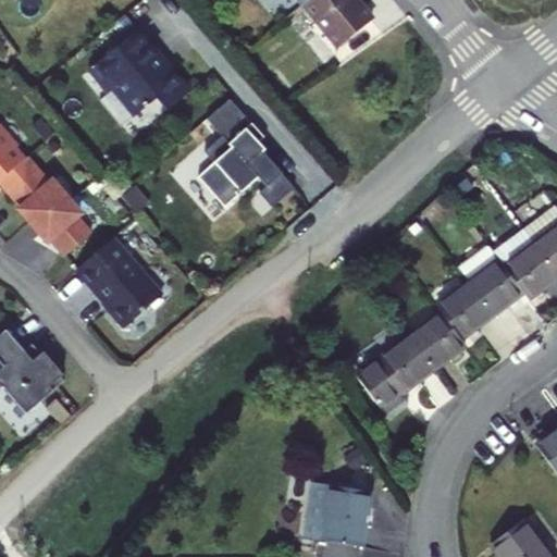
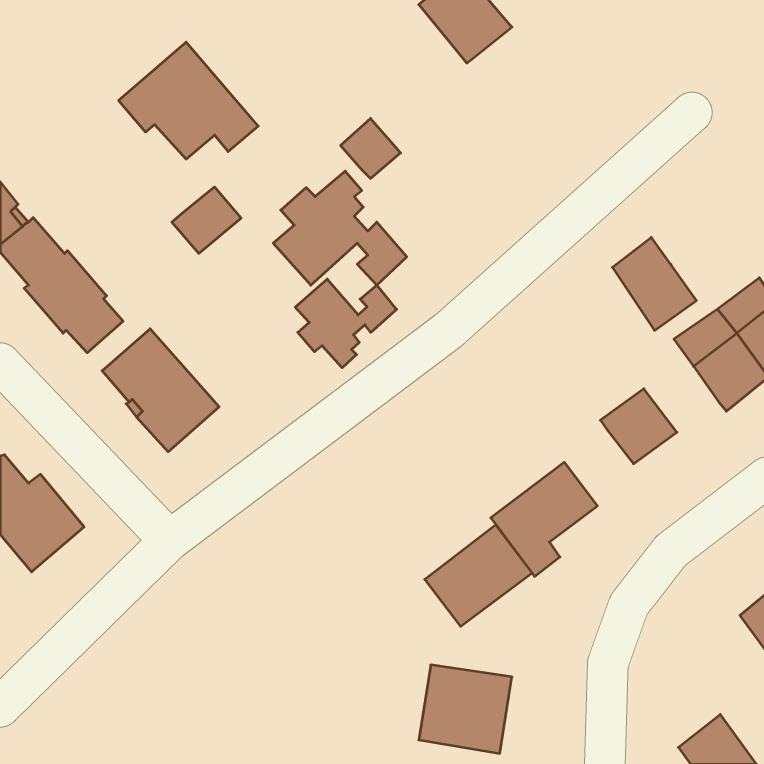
building: [209,99,252,143] -> [341,118,401,178]
building: none -> [172,187,241,253]
building: none -> [295,279,397,368]
building: [462,246,523,313] -> [612,237,696,330]
building: [411,312,467,367] -> none
building: none -> [425,525,532,626]

